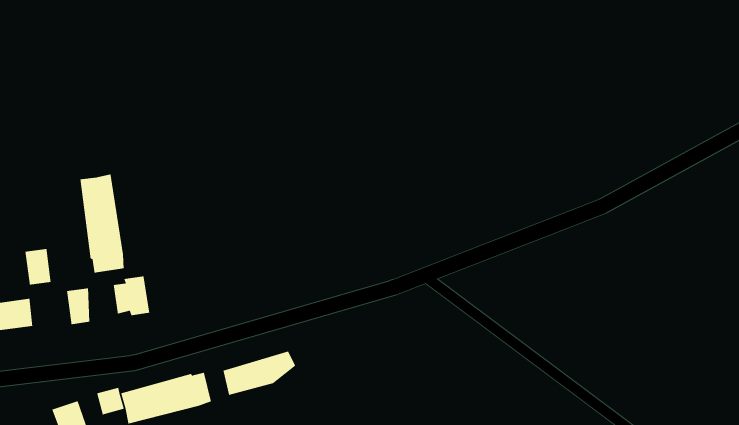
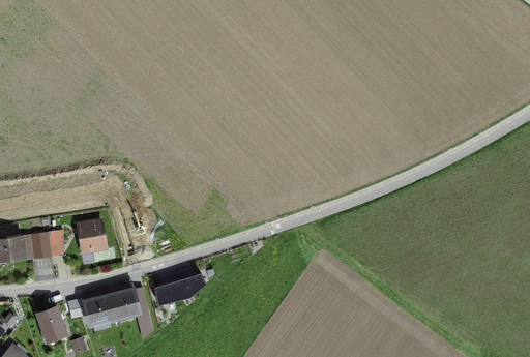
building: [79,174,124,273] -> none
building: [25,248,52,286] -> [31,232,50,258]

